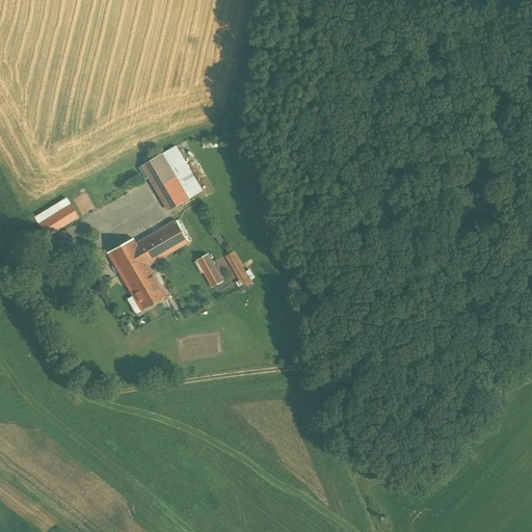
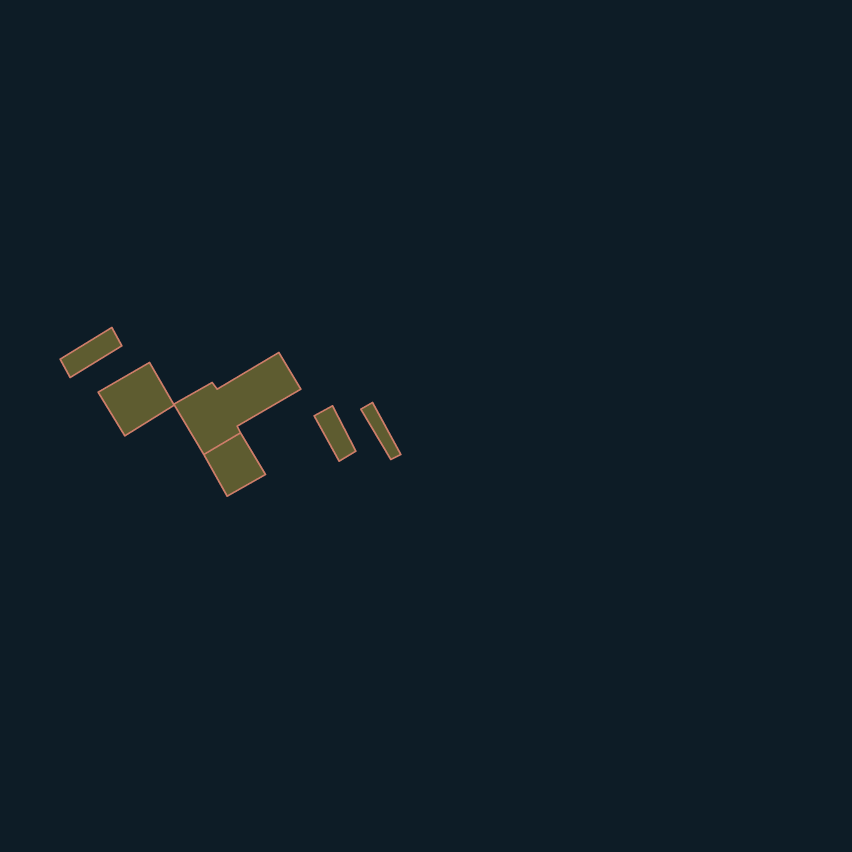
building: [142,149,194,209] -> none
building: none -> [98,363,174,436]

